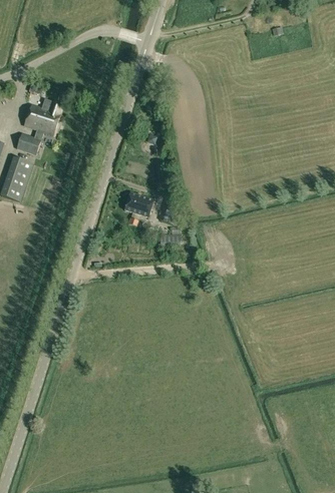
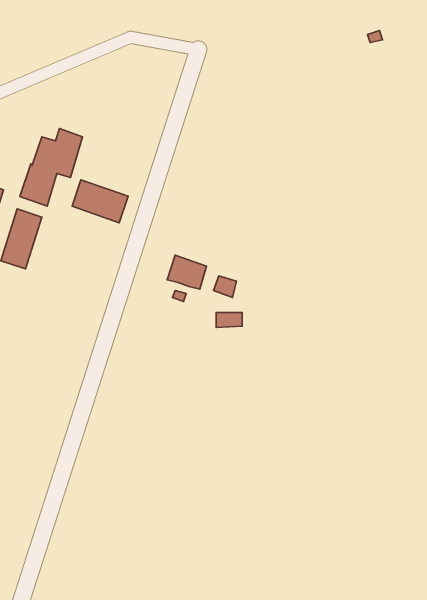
building: none -> [72,180,128,223]

